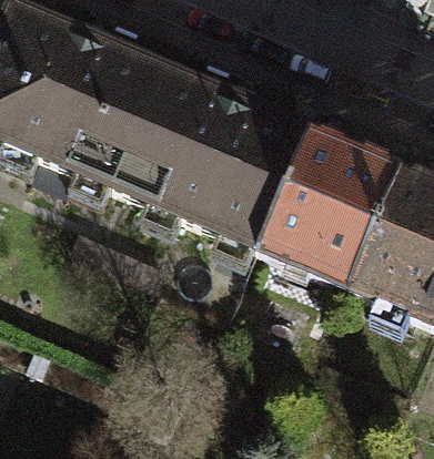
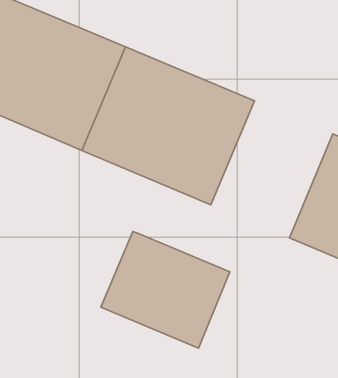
building: [262,130,402,286] -> none
building: none -> [101,231,230,348]

